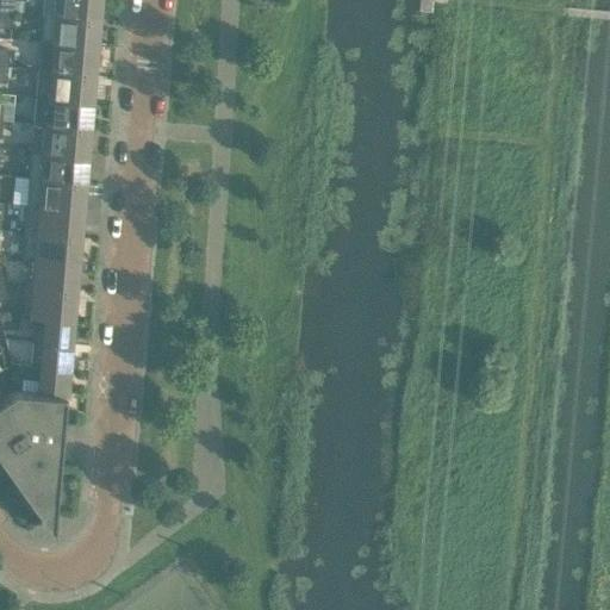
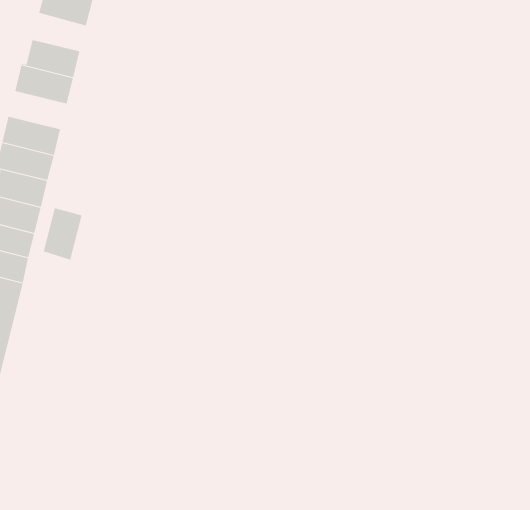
building: [32,99,91,131] -> none
building: [26,181,83,212] -> none
building: none -> [43,208,82,260]

